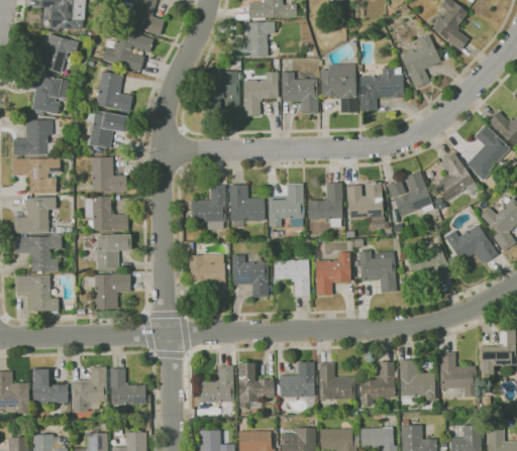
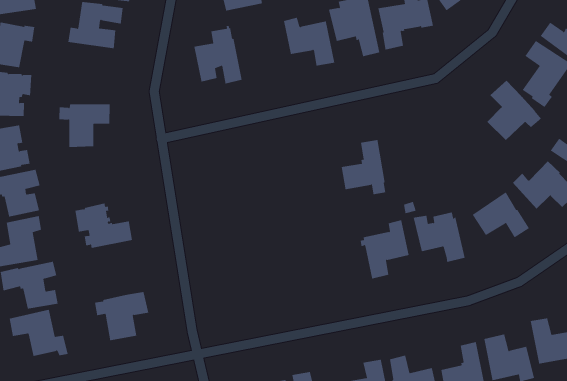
building: [97,72,133,111] -> none
building: [243,72,279,116] -> none
building: [92,156,127,193] -> none
building: [388,171,434,216] -> none
building: [347,182,384,223] -> none
building: [269,183,305,226] -> none
building: [191,185,226,229] -> none
building: [230,185,265,221] -> none
building: [97,234,132,269] -> none
building: [190,254,226,299] -> none
building: [232,254,269,297] -> none
building: [275,259,310,296] -> none

